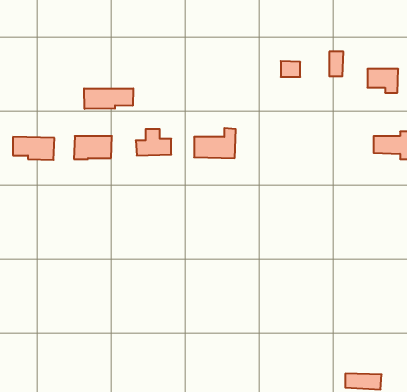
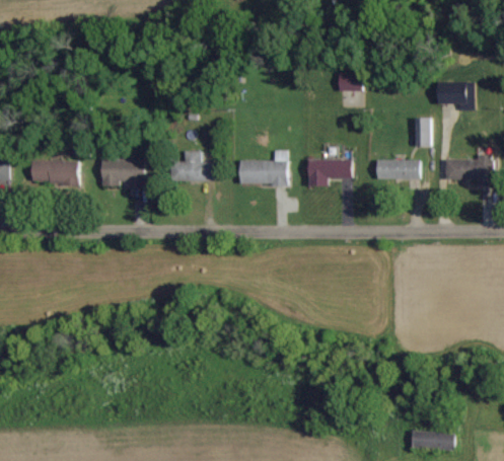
building: [329,52,343,76] -> [415,118,431,146]
building: [84,88,133,109] -> none
building: none -> [308,159,351,185]
building: none -> [377,159,420,179]

